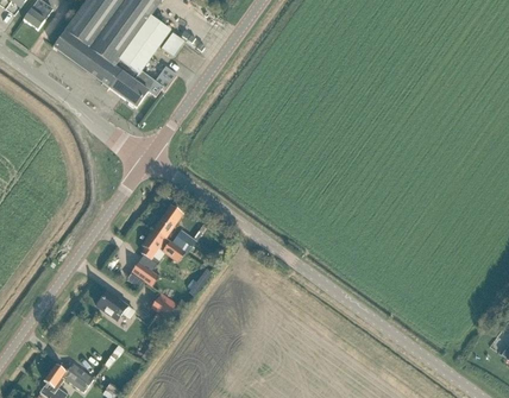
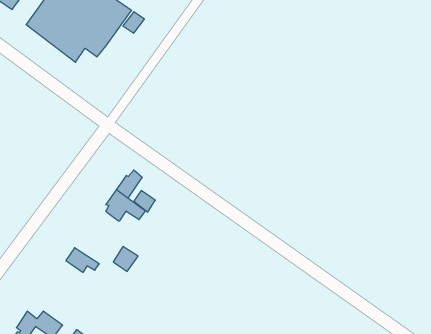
building: [108,69,155,106] -> none
building: [126,252,158,285] -> none

